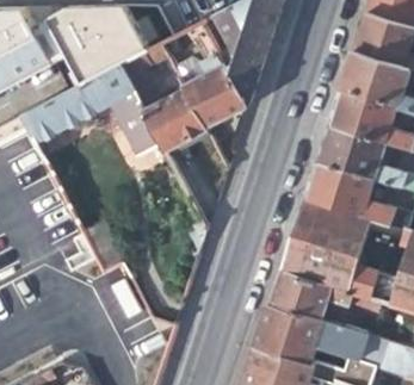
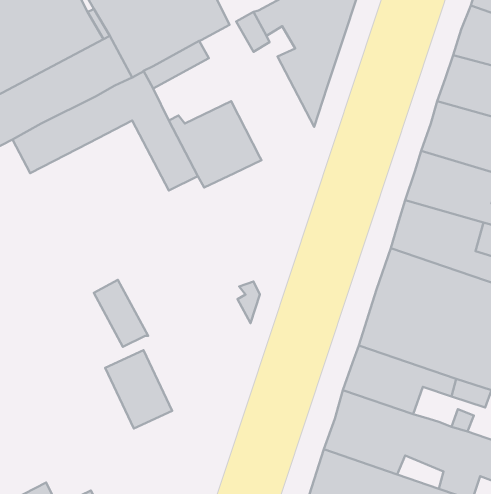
building: [180,52,248,128] -> none

